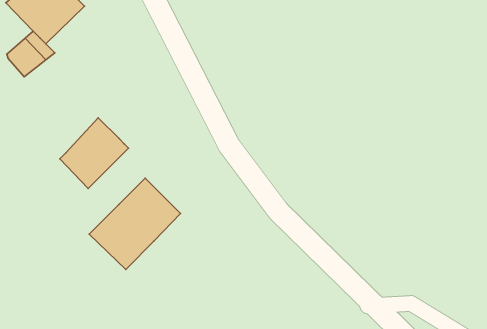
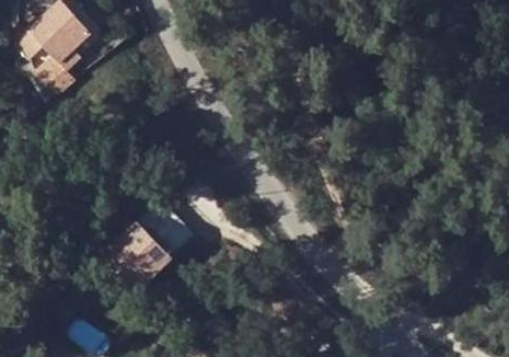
building: [60,118,129,188] -> none

